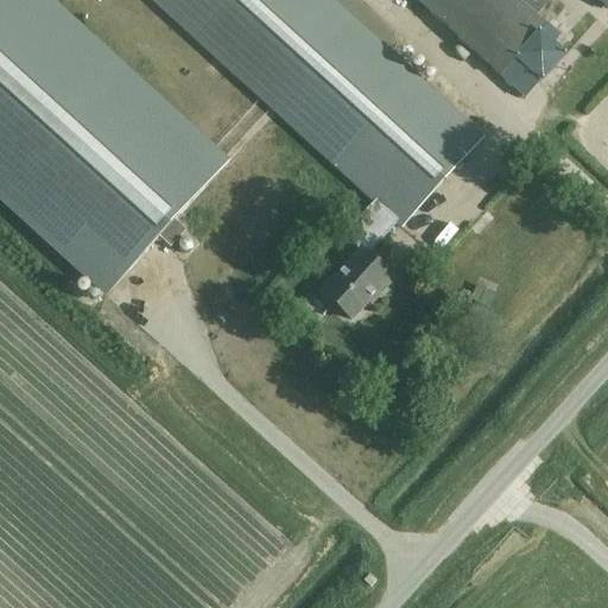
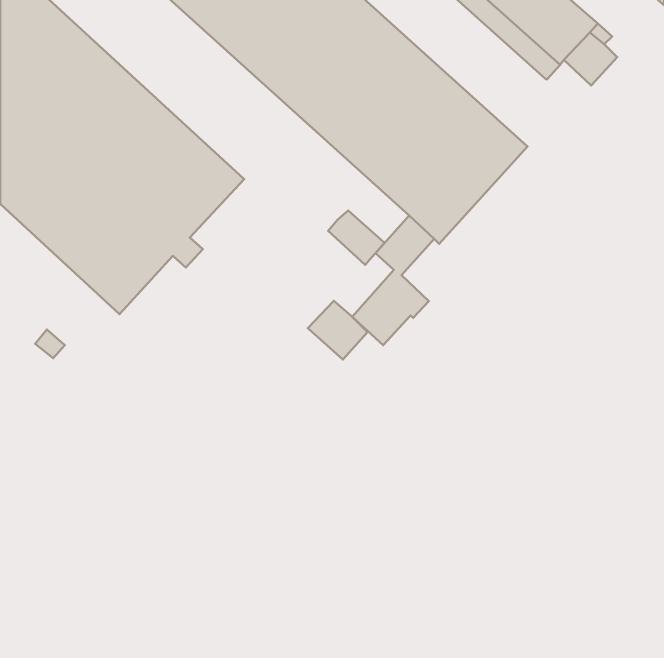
building: [500,55,540,95] -> none
building: none -> [328,210,385,265]
building: none -> [308,301,367,360]

